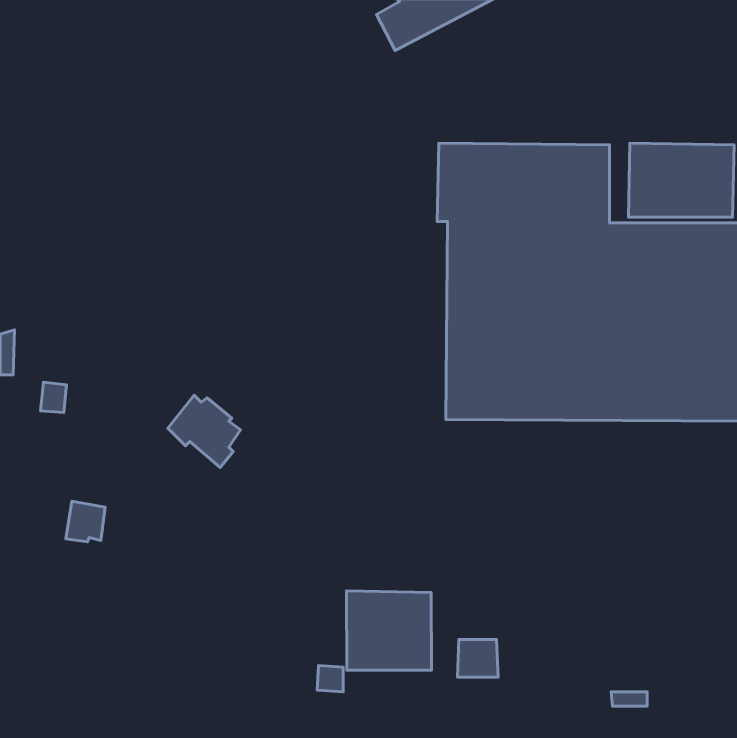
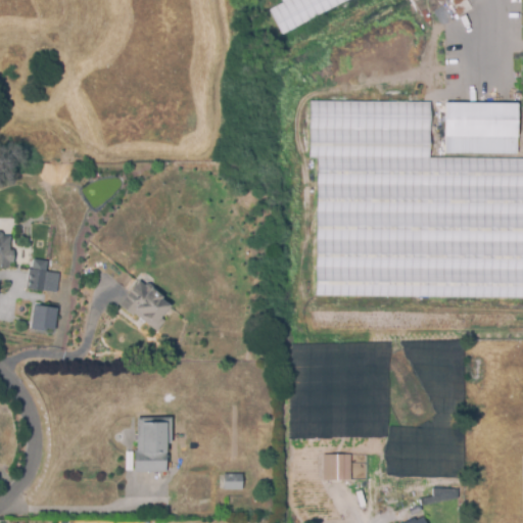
building: [66,501,105,542] -> [33,300,60,329]
building: none -> [136,414,174,470]
building: [346,591,431,670] -> none

